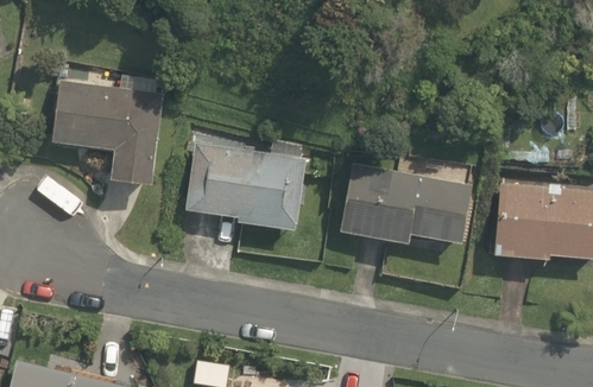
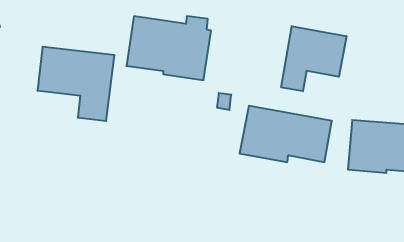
building: none -> [281,26,346,91]
building: [184,139,304,229] -> [126,16,211,80]

